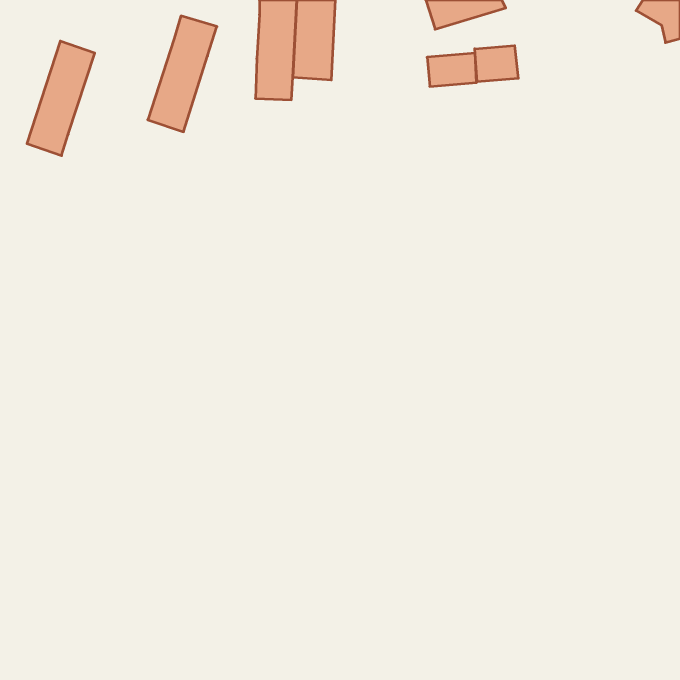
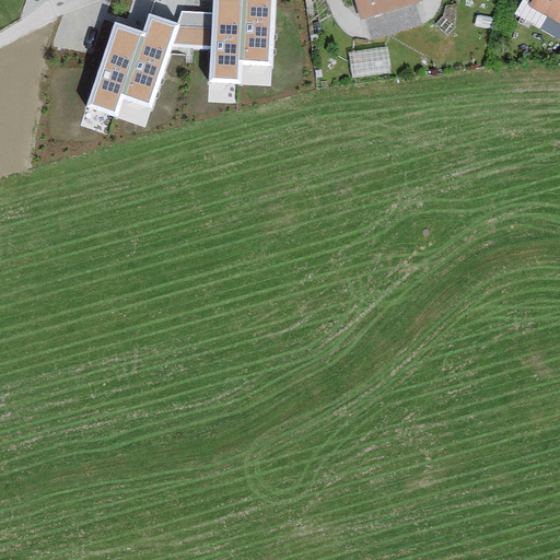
building: none -> [171,11,213,48]
building: [27,41,95,156] -> [88,22,143,116]
building: [475,46,518,82] -> none

